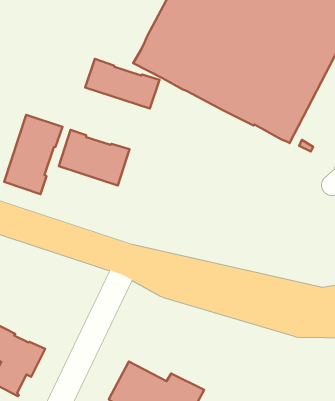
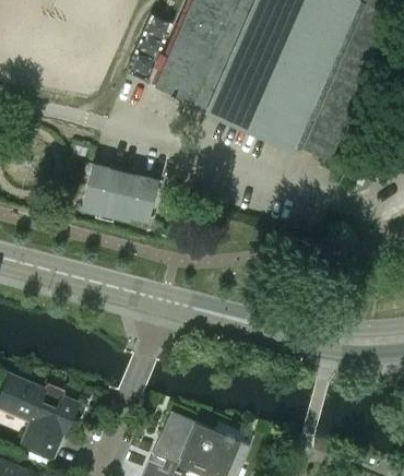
building: [85,59,160,109] -> none
building: [4,115,62,194] -> none

